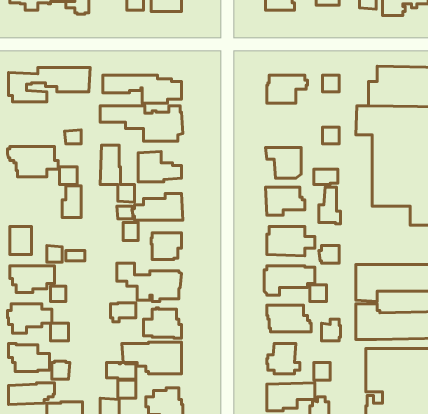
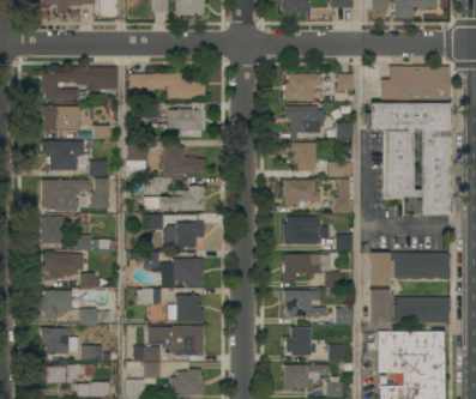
building: none -> [40,105,79,132]
building: none -> [284,107,326,140]
building: none -> [42,180,89,212]

